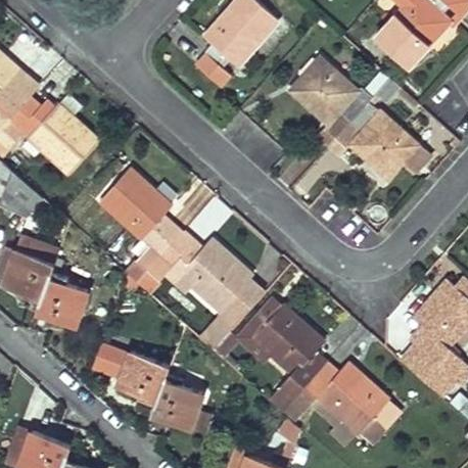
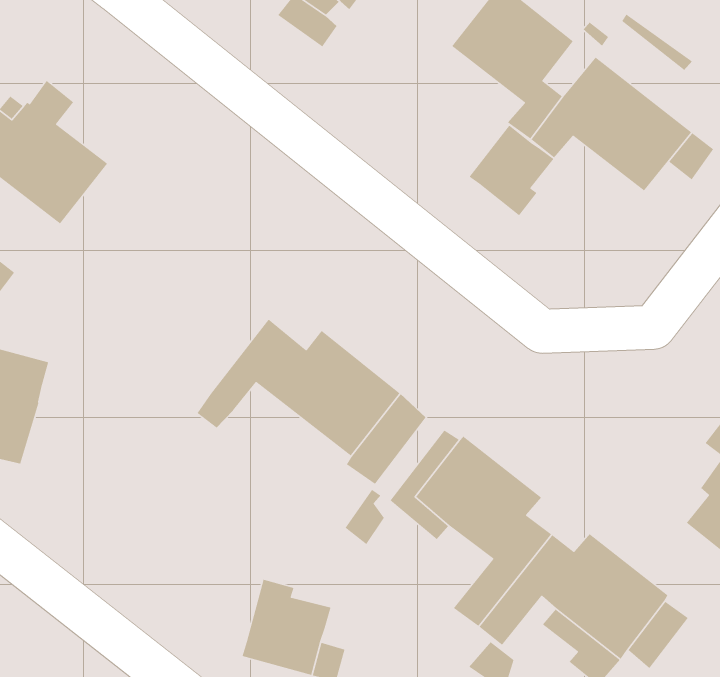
building: none -> [469,124,554,217]
building: [99,168,180,271] -> none
building: [37,269,89,325] -> none
building: [91,341,170,408] -> none

